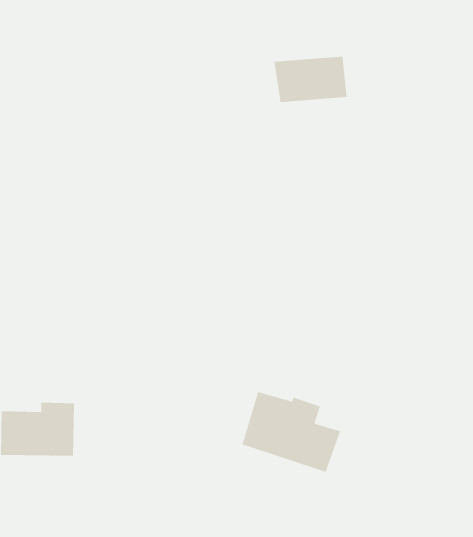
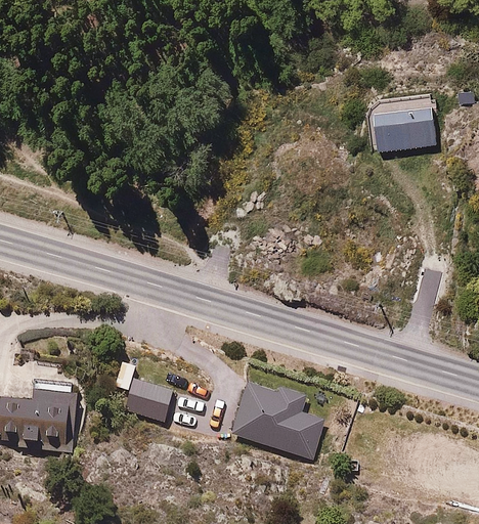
building: [273,56,348,103] -> [366,102,437,147]
building: none -> [125,379,173,422]

